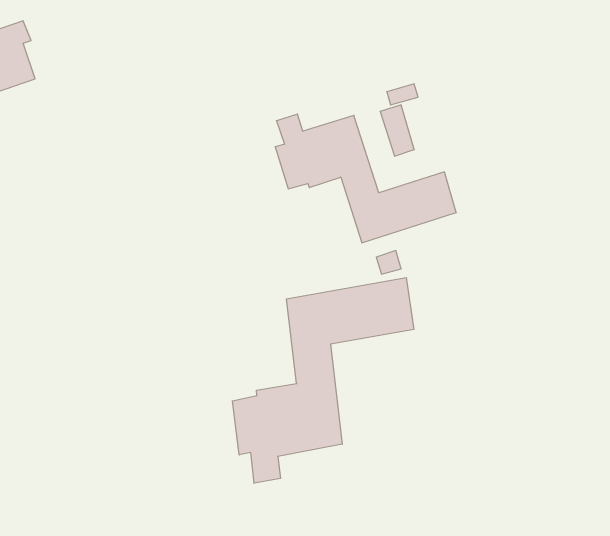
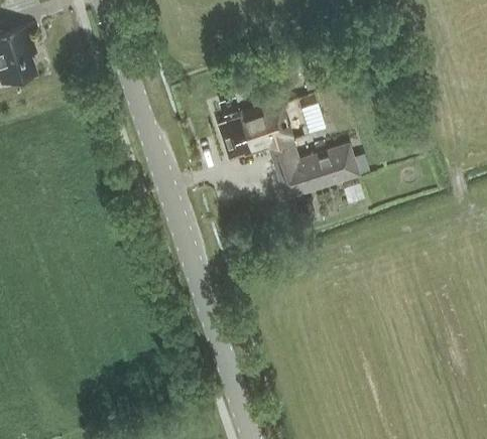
building: [232,278,414,483] -> none

